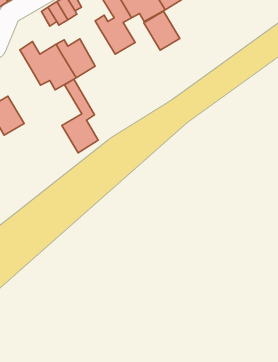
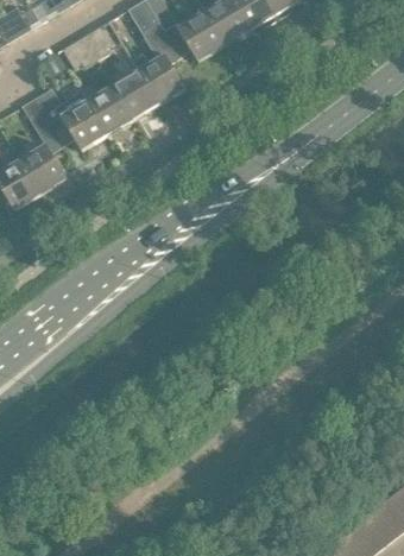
building: [144,11,180,50] -> none
building: none -> [112,69,158,120]
building: [62,79,98,153] -> [18,99,65,195]

